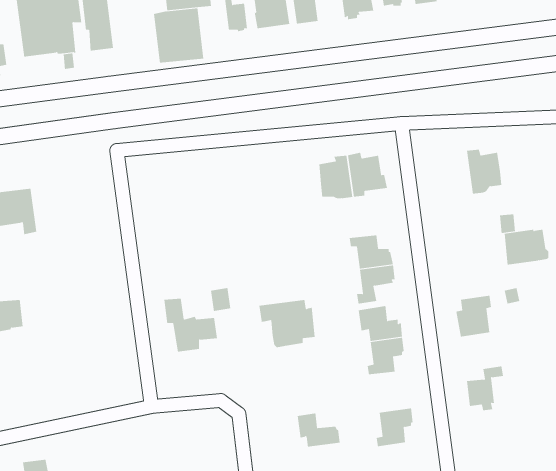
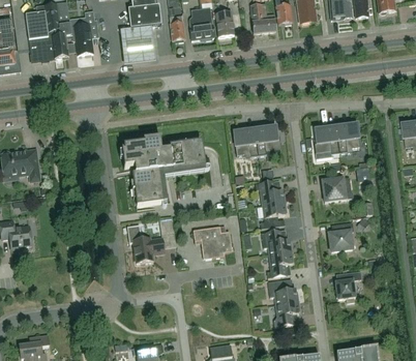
building: none -> [314,123,339,154]
building: none -> [122,138,204,205]
building: [504,229,549,265] -> [322,177,353,202]
building: [297,413,340,447] -> [268,279,298,303]

